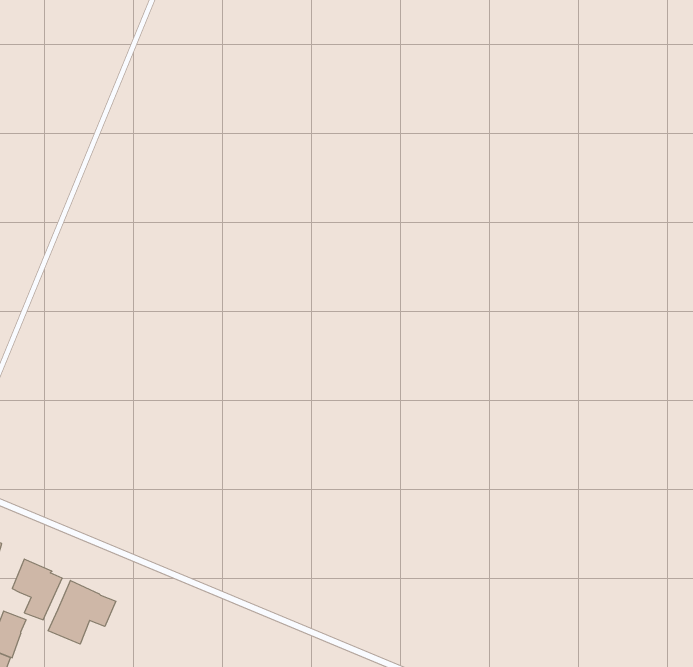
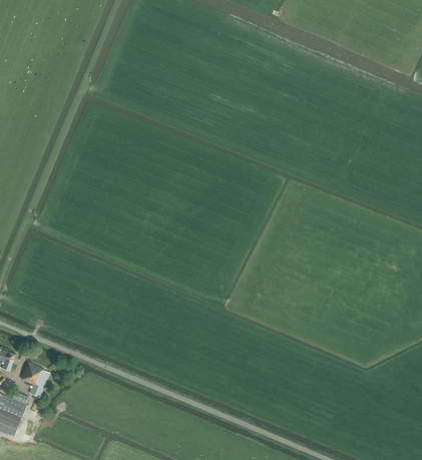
building: [48,580,116,644] -> none

